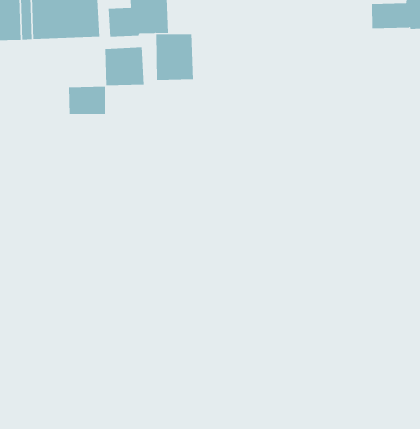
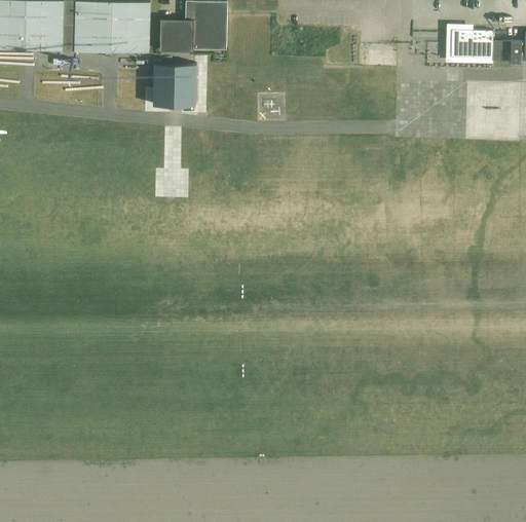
building: [156,33,193,81] -> none
building: [68,86,106,115] -> none

